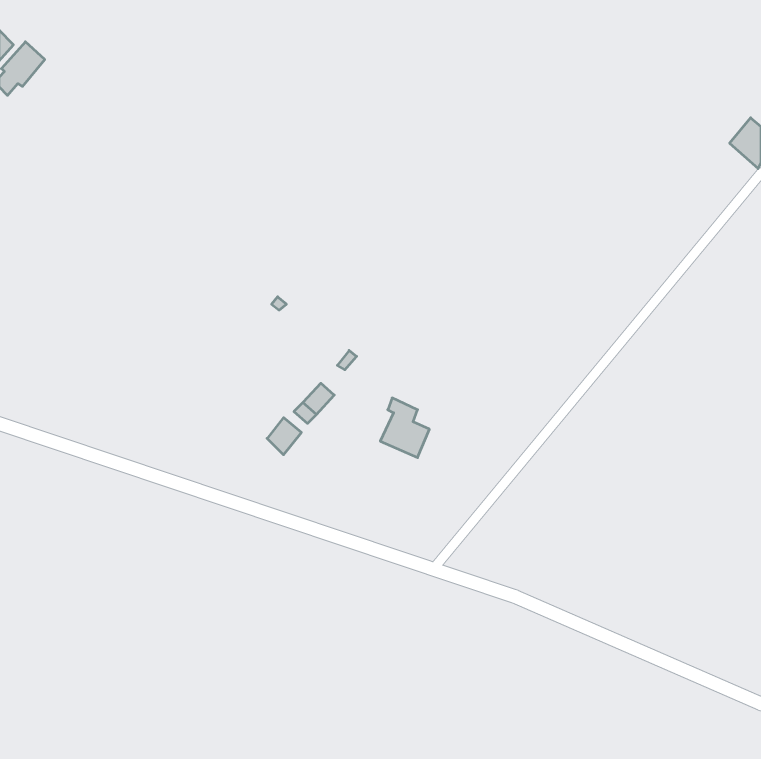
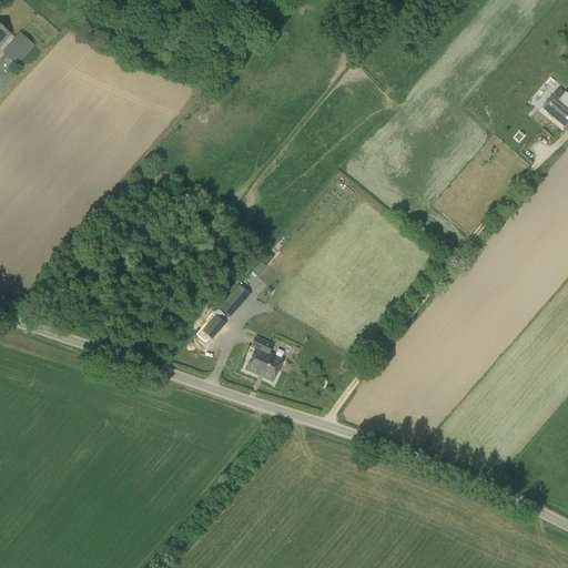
building: [380,398,429,458] -> [244,336,281,381]

